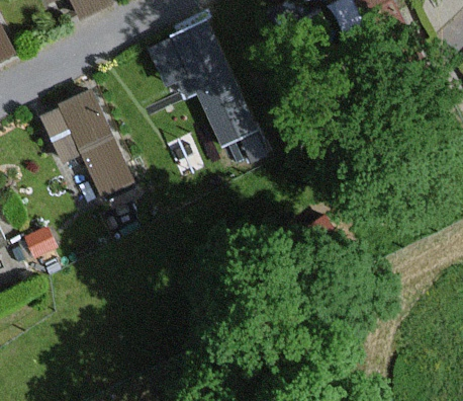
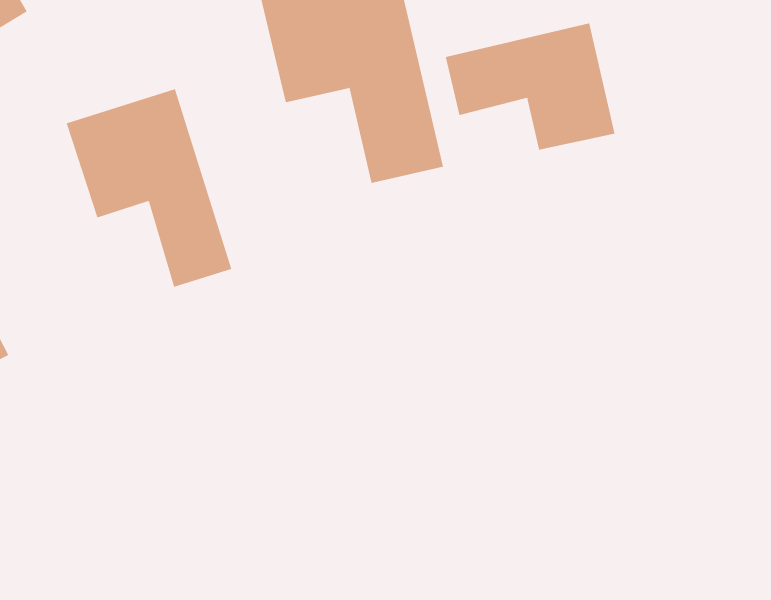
building: none -> [445,23,615,151]

